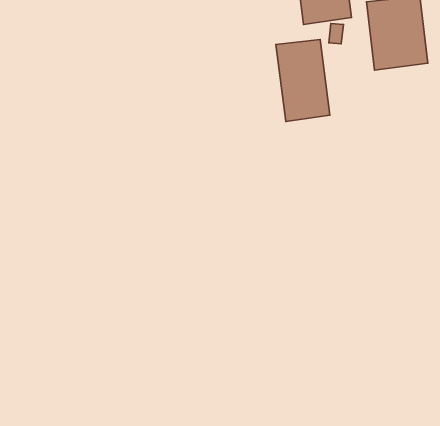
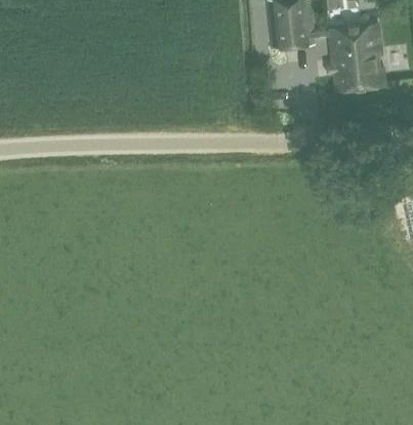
building: [276,39,330,121] -> none

